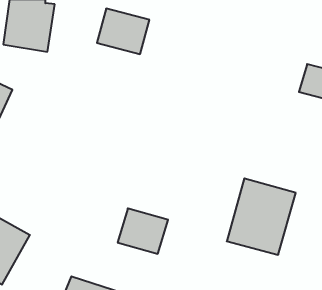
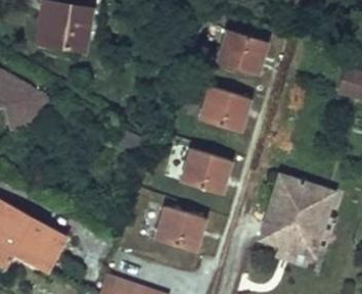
building: [97,9,149,54] -> [212,27,264,71]
building: none -> [195,85,247,130]
building: none -> [177,147,229,192]

